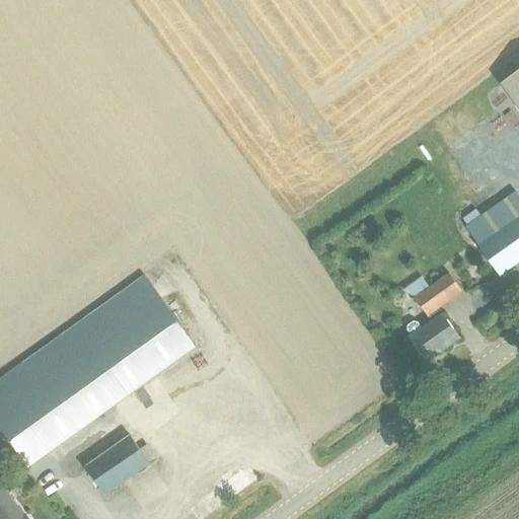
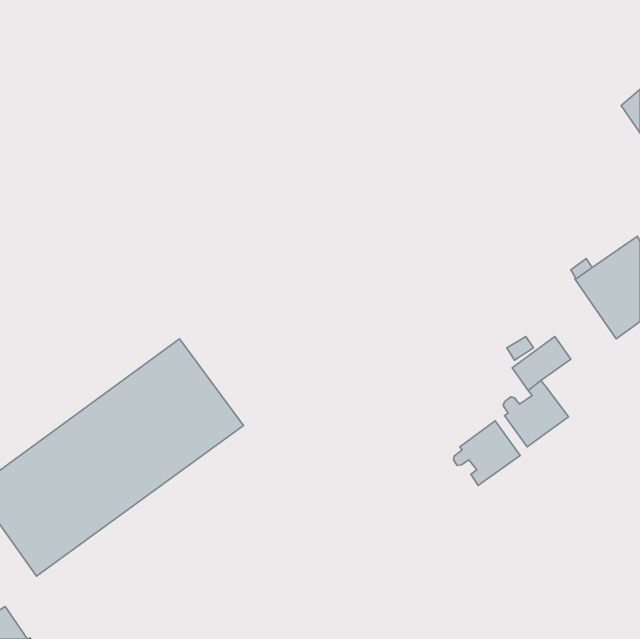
building: none -> [454,421,520,485]
building: [84,436,149,496] -> none

